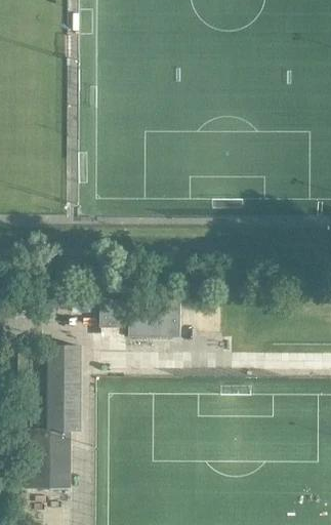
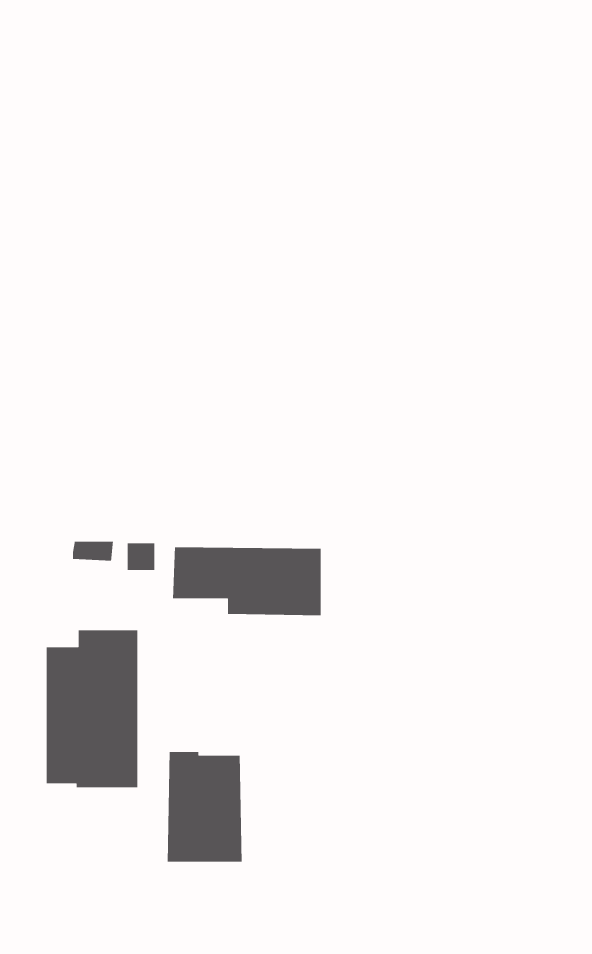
building: [30,430,71,490] -> [167,751,243,862]

